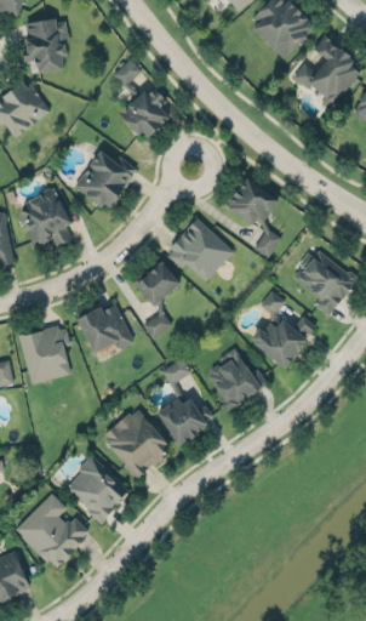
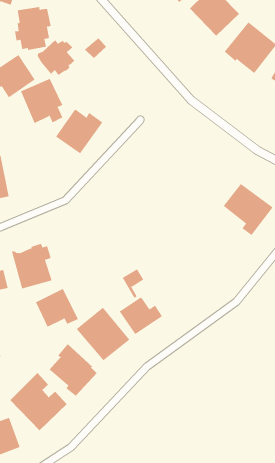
building: [119,91,168,138] -> [37,39,75,76]
building: [227,177,281,258] -> none
building: [15,188,70,247] -> [20,78,63,124]
building: [167,217,231,280] -> none
building: [131,258,182,340] -> none
building: [251,291,315,368] -> none
building: [76,302,133,353] -> [35,288,79,327]
building: [207,348,267,411] -> none

